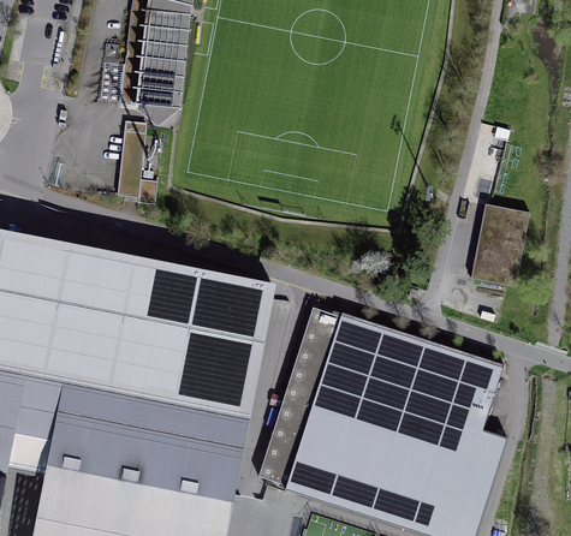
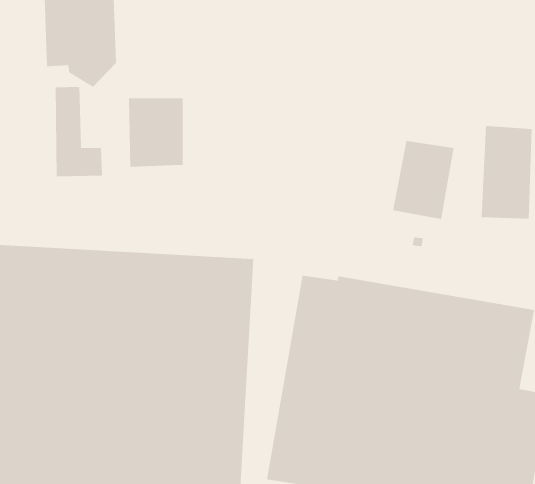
building: none -> [129,97,183,167]
building: none -> [392,140,454,220]

